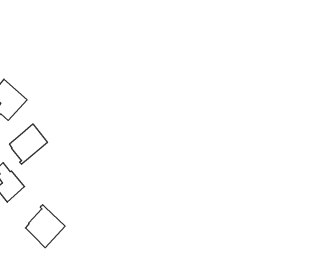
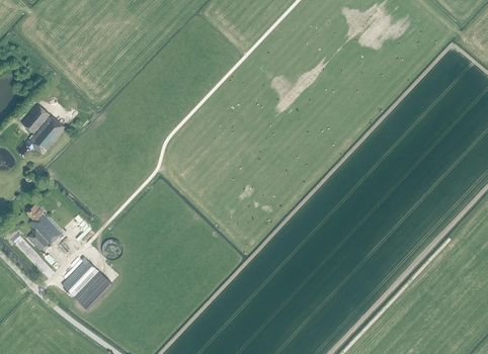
building: [10,124,47,164] -> none

